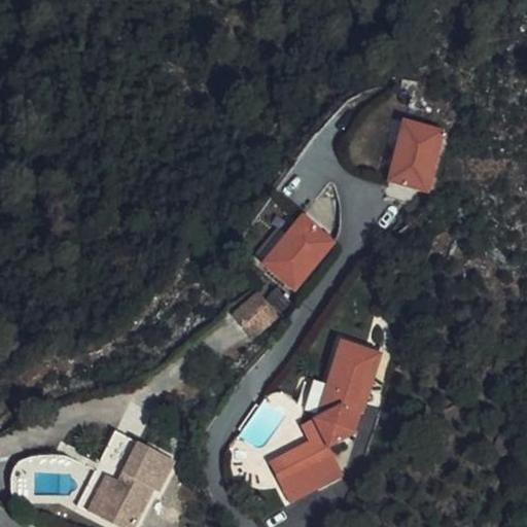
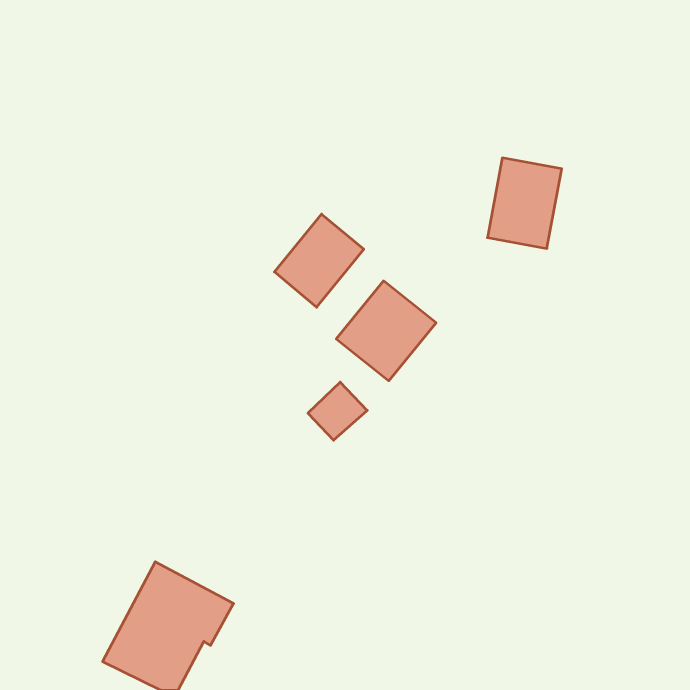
building: none -> [274,214,364,307]
building: [273,342,385,499] -> none

